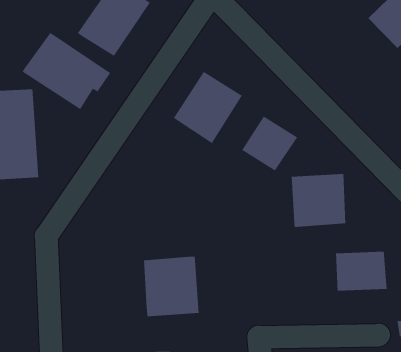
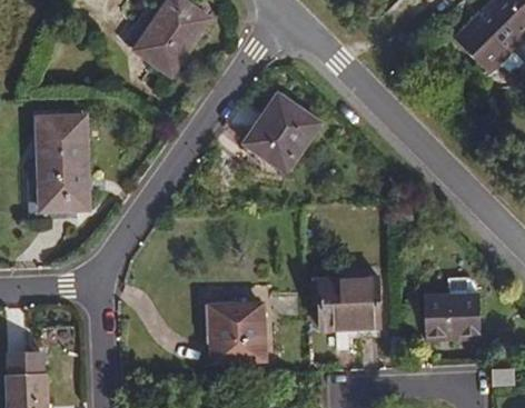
building: [22,32,111,110] -> none
building: [241,115,298,172] -> none
building: [291,173,346,228] -> [317,275,379,336]

